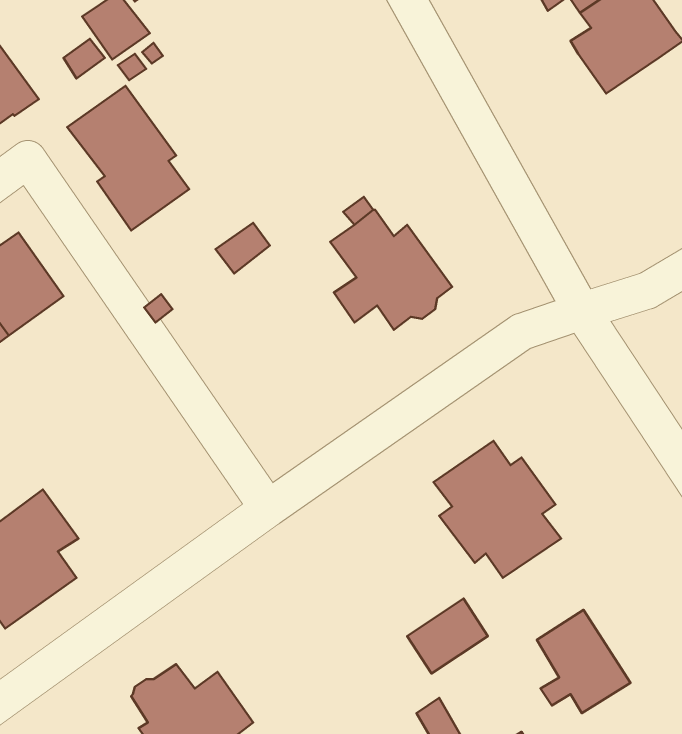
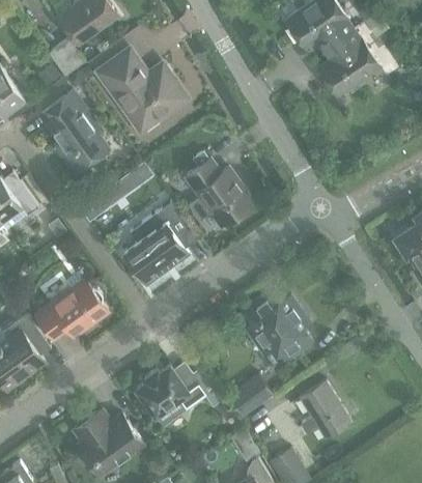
building: none -> [96,51,185,132]
building: none -> [121,203,196,285]
building: none -> [34,274,107,340]
building: none -> [134,365,223,427]

